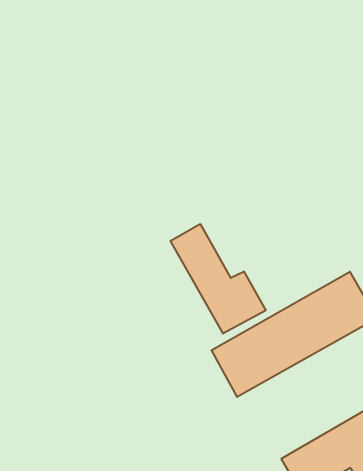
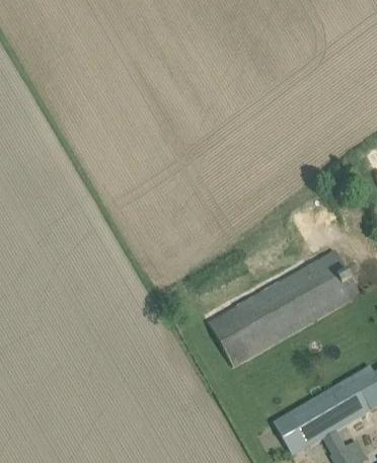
building: [171,224,266,334] -> none

